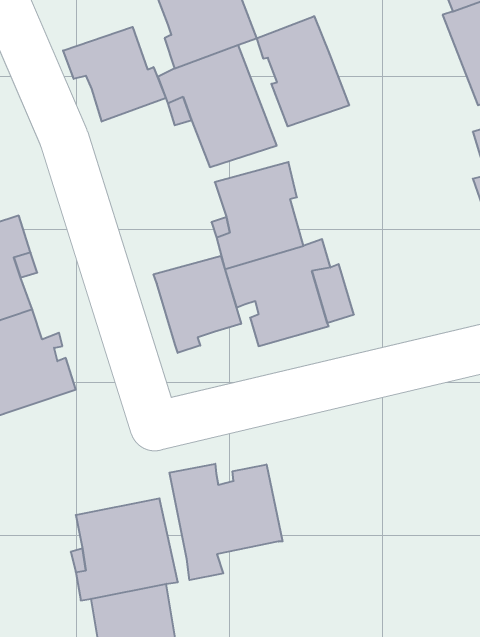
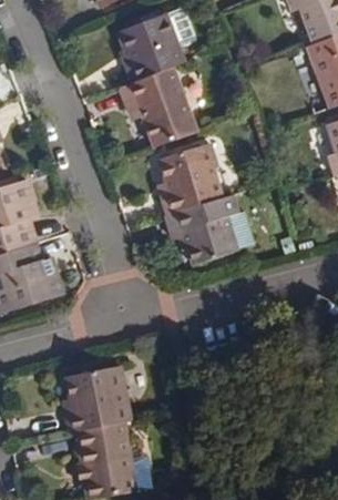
building: [257,16,349,126] -> none
building: [63,27,166,122] -> none
building: [154,256,241,353] -> none
building: [169,464,283,580] -> none

